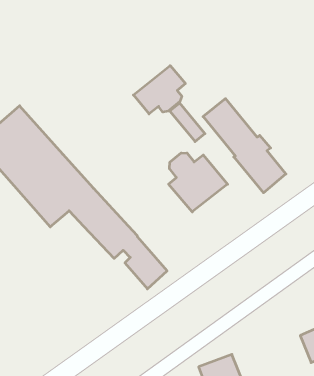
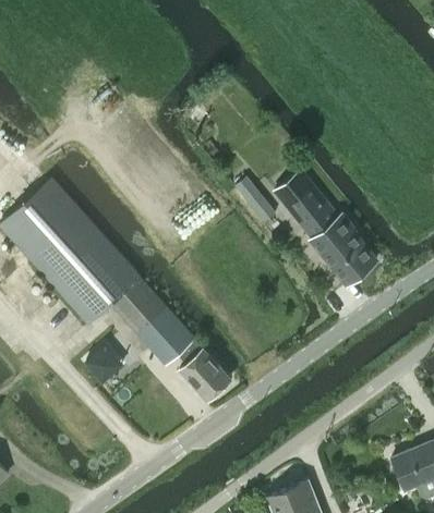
building: [133,66,185,114] -> none
building: [169,153,228,212] -> none

